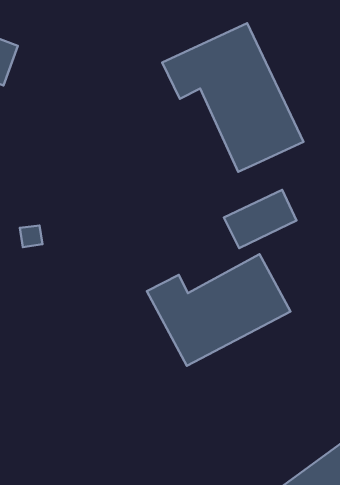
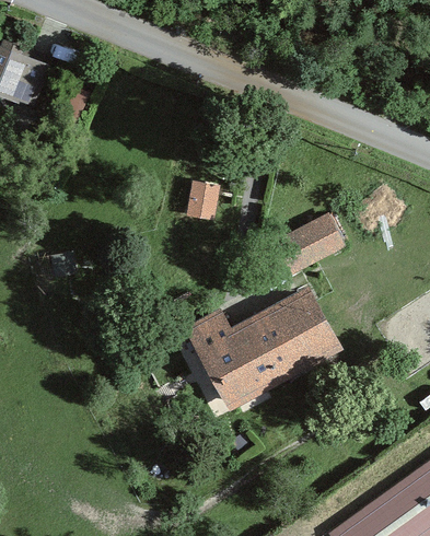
building: [162,23,303,172] -> none
building: none -> [184,183,218,220]

